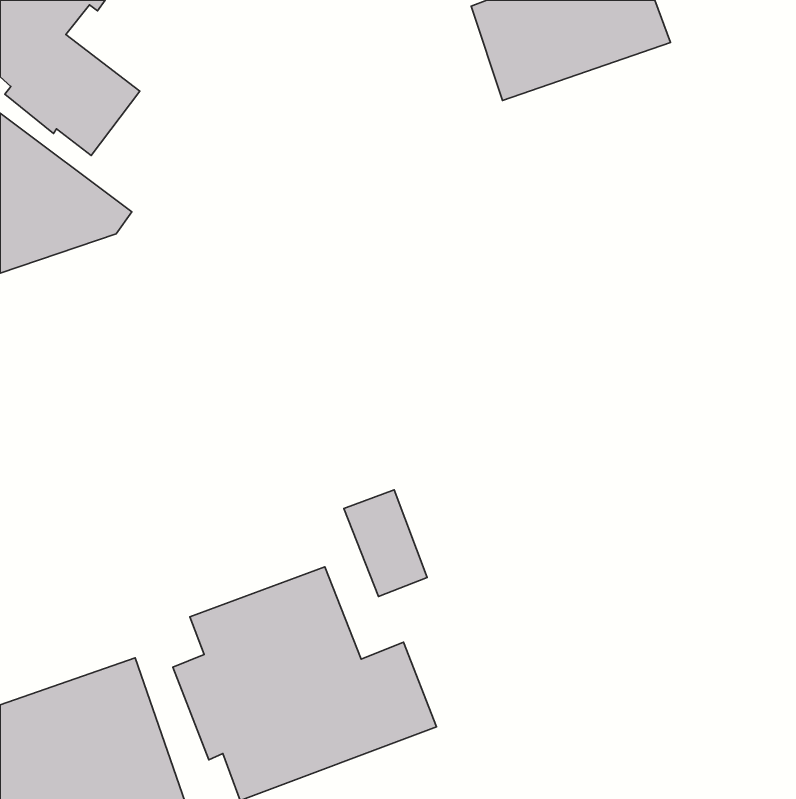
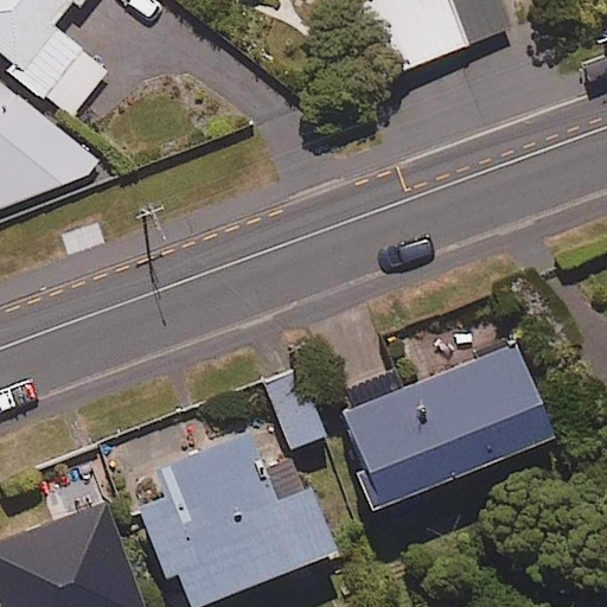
building: none -> [338,340,554,503]

